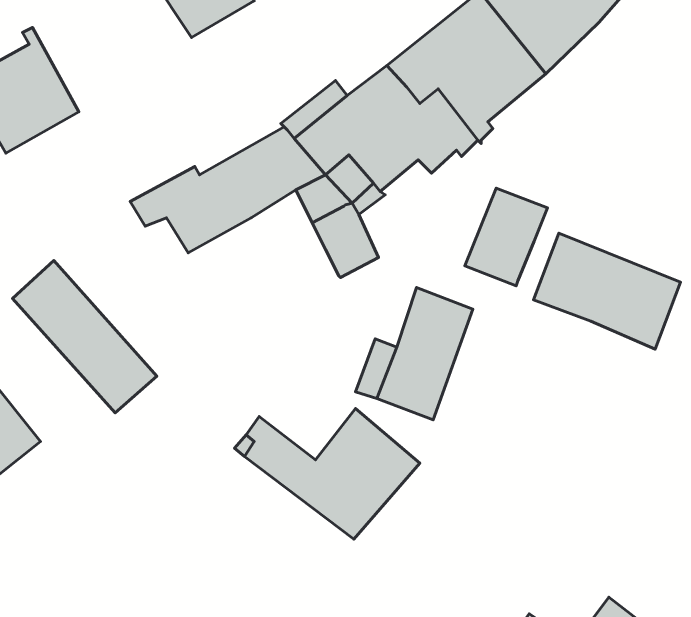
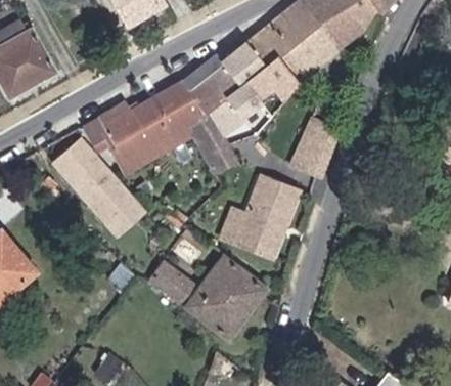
building: [533,233,681,349] -> none
building: [13,260,157,413] -> [58,142,147,237]

